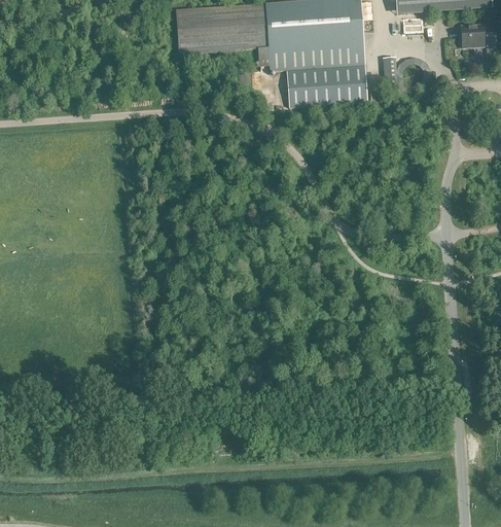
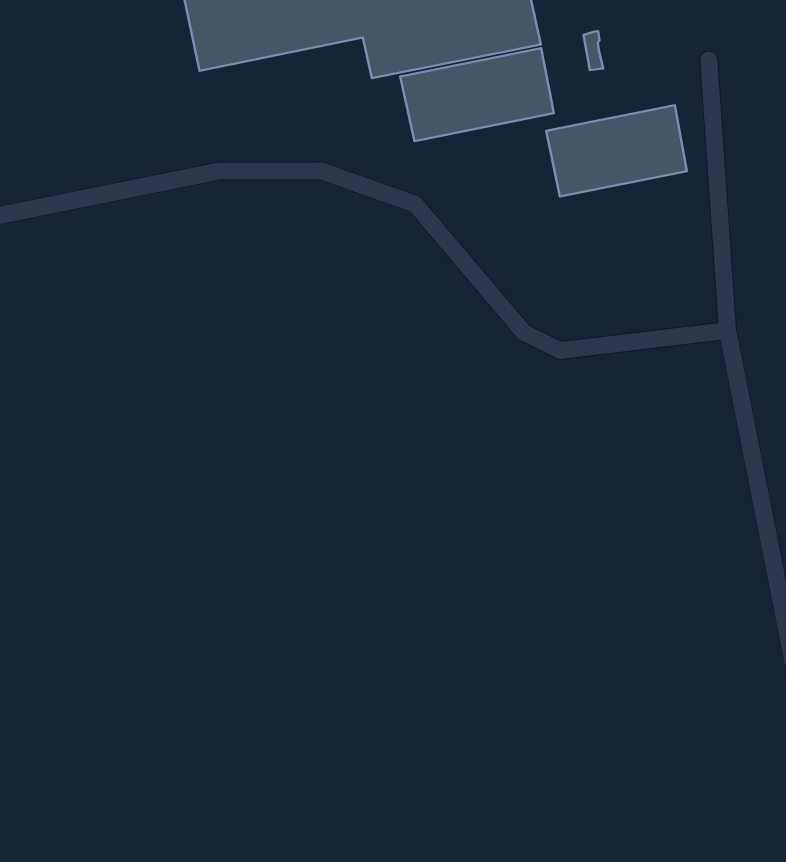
building: none -> [546,105,687,197]

